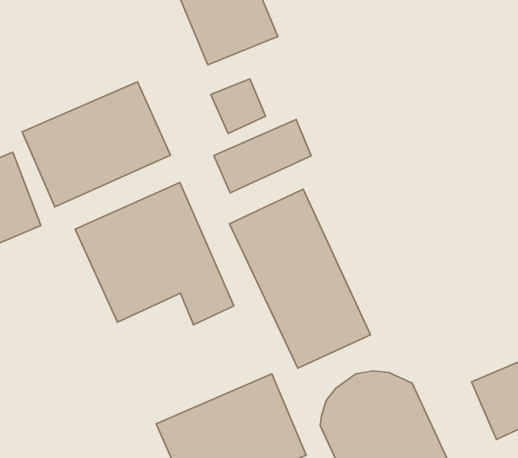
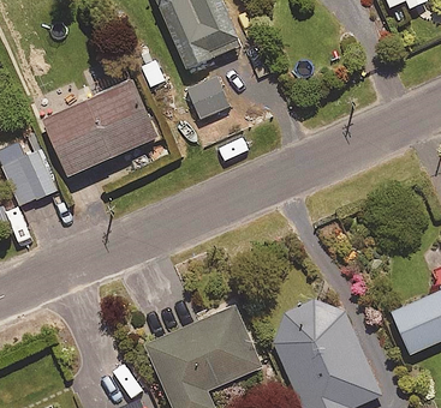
building: [214,119,311,193] -> none
building: [75,183,234,325] -> none
building: [230,189,370,368] -> none

